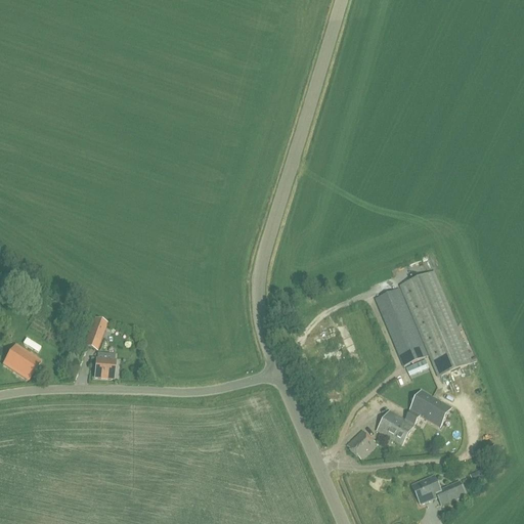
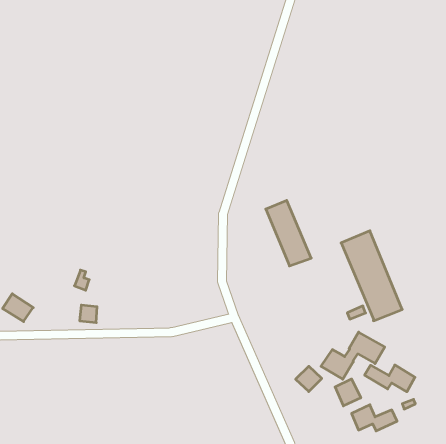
building: [375,287,428,363] -> [266,200,311,266]
building: none -> [365,365,415,392]
building: none -> [335,379,361,406]

